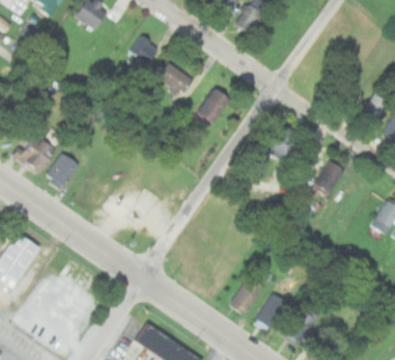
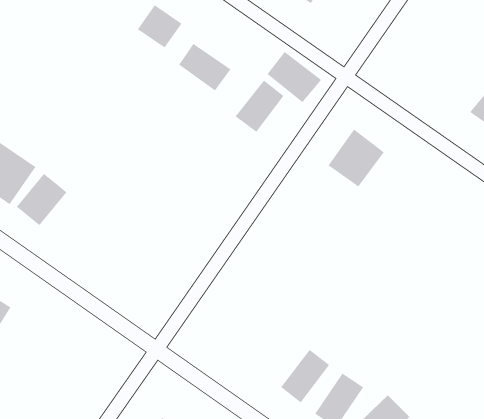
building: none -> [267,51,322,103]
building: [311,159,346,197] -> none

